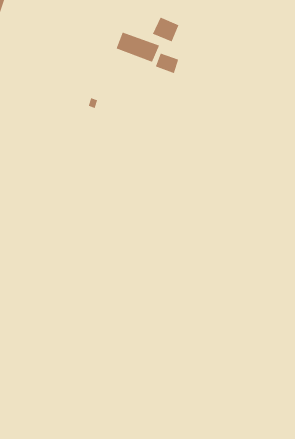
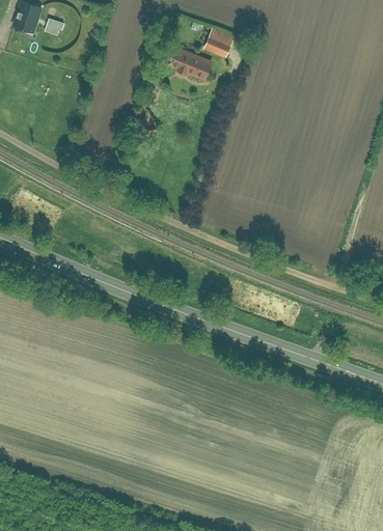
building: [155,52,179,74] -> none

